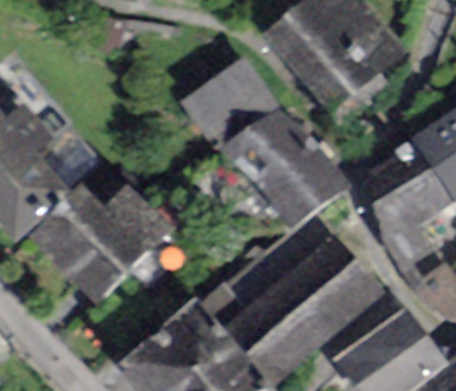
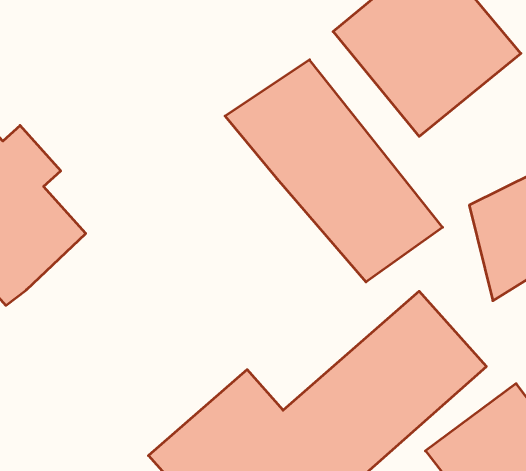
building: [28,182,171,302] -> none

